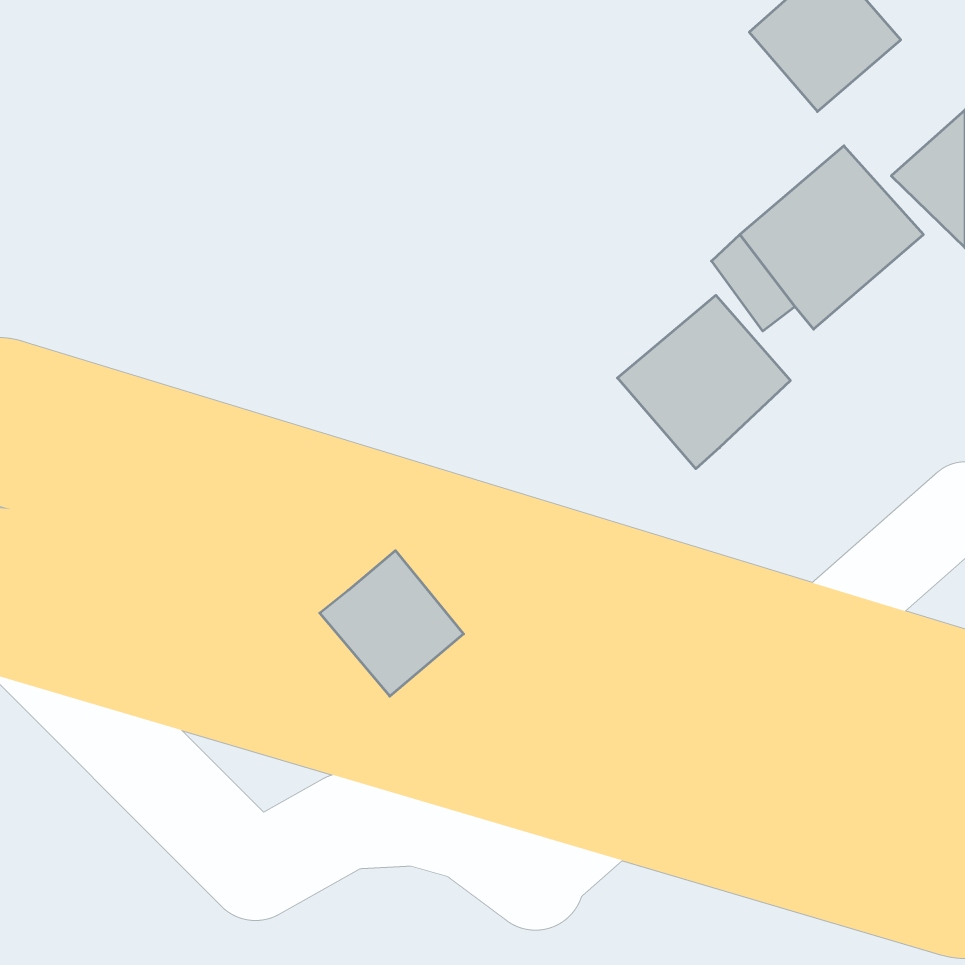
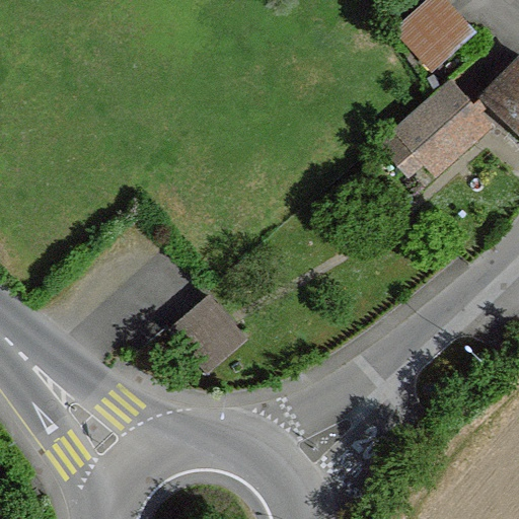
building: [617,295,790,469] -> none

